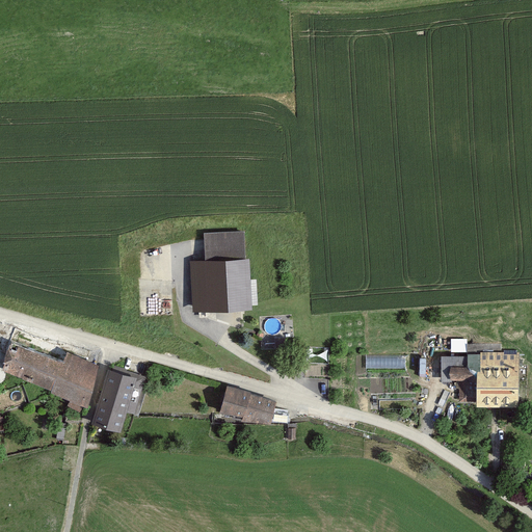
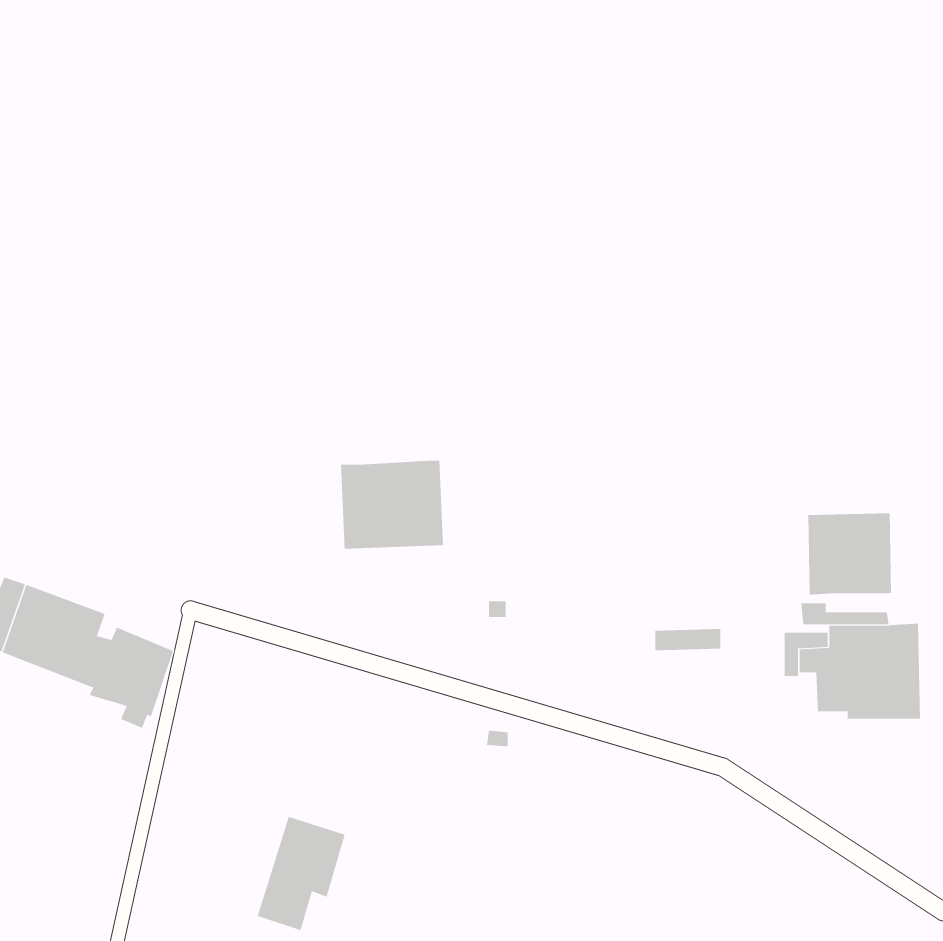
building: [204,234,243,263] -> none
building: none -> [808,513,891,596]
building: [94,368,143,432] -> [257,816,346,931]
building: [220,390,274,423] -> none

